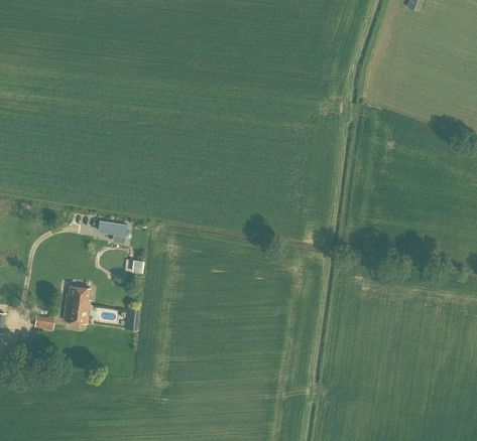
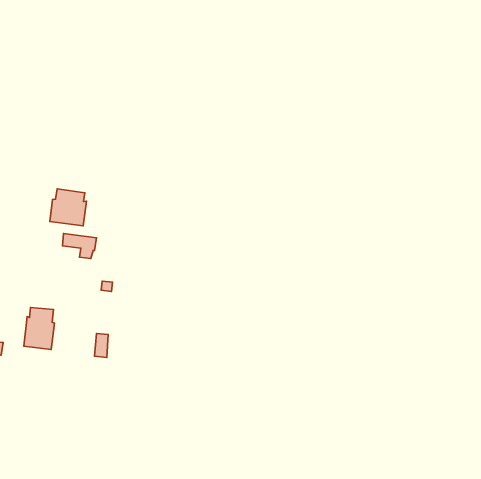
building: none -> [50,189,87,226]

